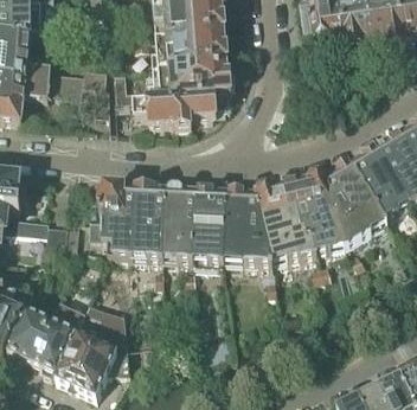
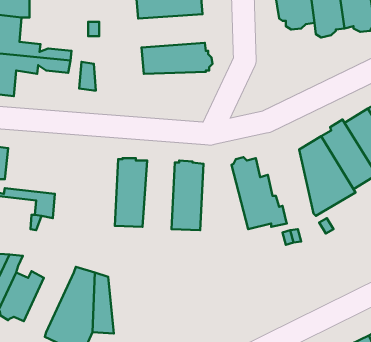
building: [154,32,225,68] -> none
building: [131,94,226,127] -> none
building: [280,173,341,252] -> none
building: [88,186,133,258] -> none
building: [159,187,193,262] -> none
building: [220,192,275,293] -> none
building: [32,296,85,374] -> none

